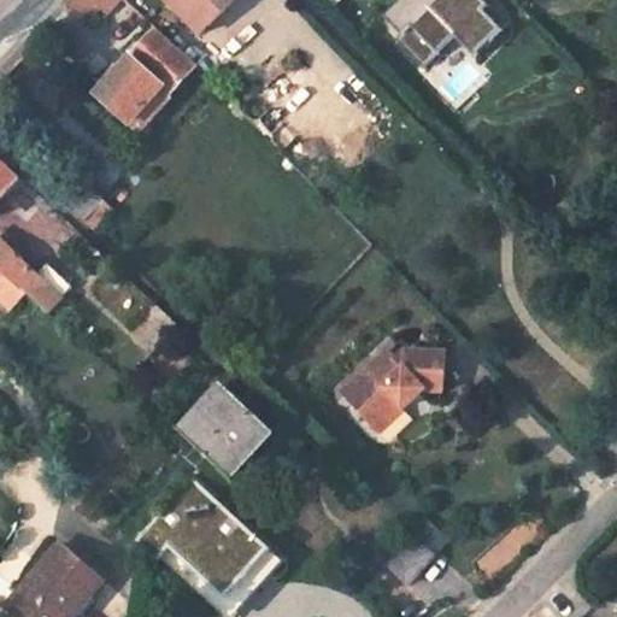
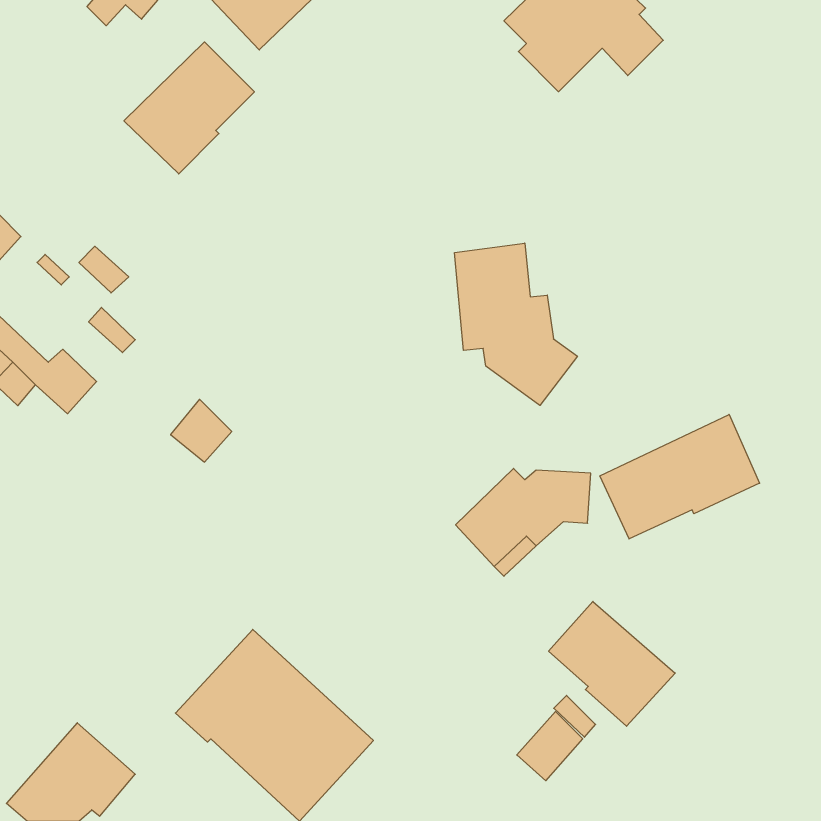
building: none -> [455,243,577,405]
building: none -> [600,414,760,539]
building: [178,381,269,472] -> none
building: none -> [549,601,675,726]

